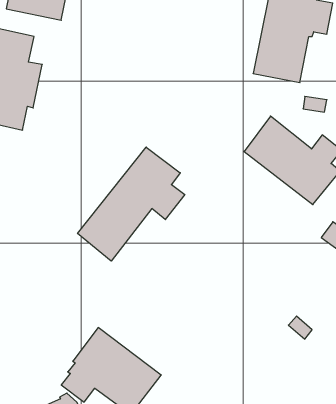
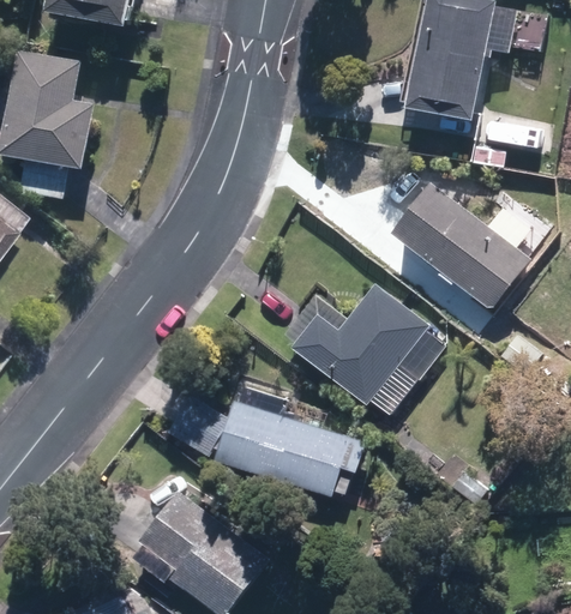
building: [78,147,185,261] -> none
building: none -> [282,279,446,414]
building: none -> [169,393,363,495]

